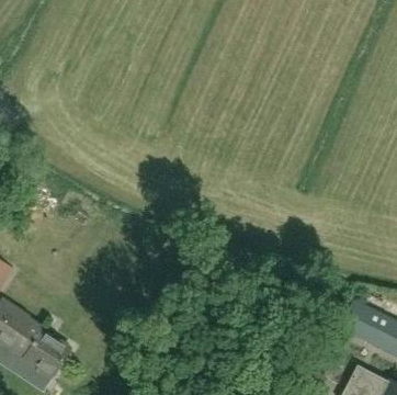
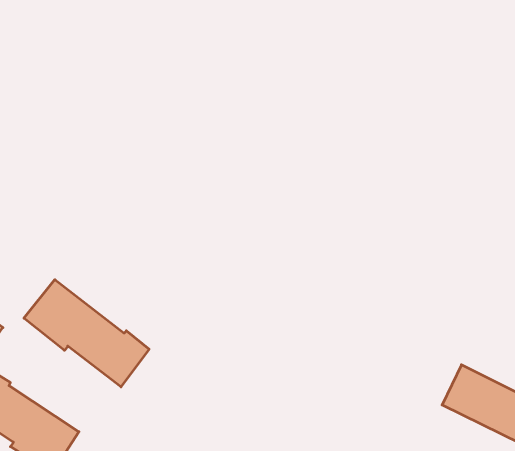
building: none -> [24,280,149,387]

